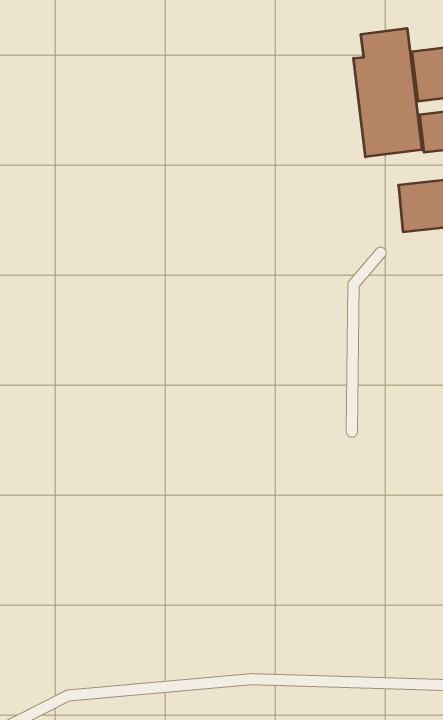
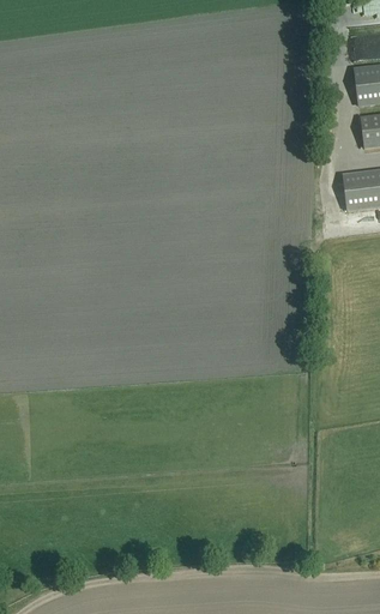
building: [354,28,422,157] -> none

